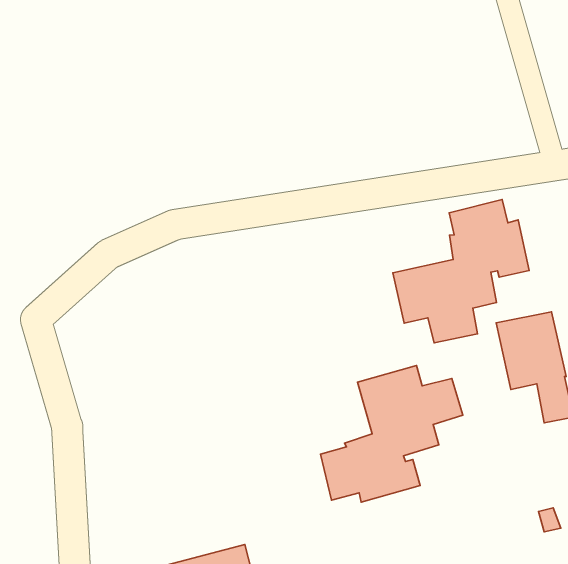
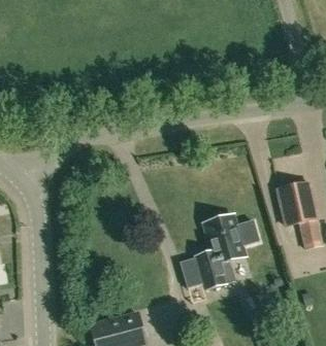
building: [393,199,529,343] -> none

